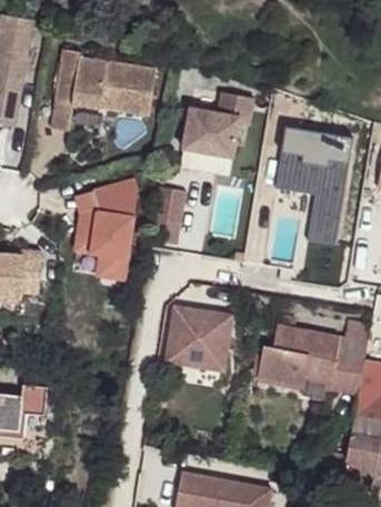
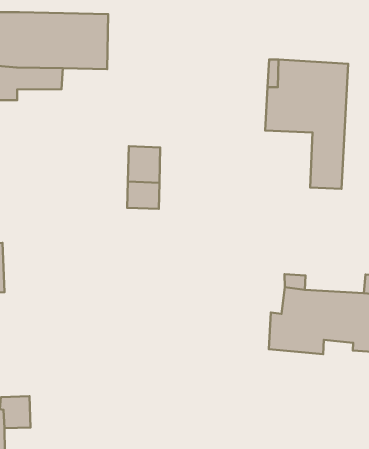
building: [184,92,255,156] -> none
building: [77,181,138,281] -> none
building: [160,300,231,368] -> none

